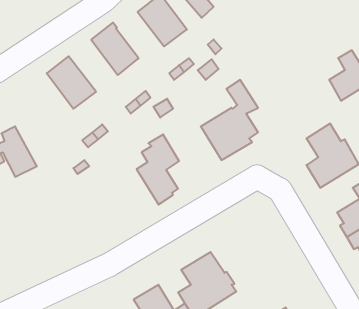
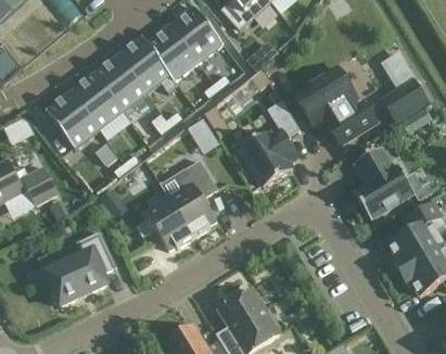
building: none -> [145,25,199,83]
building: none -> [93,55,148,113]
building: none -> [294,68,373,142]
building: none -> [46,92,99,150]
building: none -> [133,198,192,250]
building: none -> [43,232,115,306]

